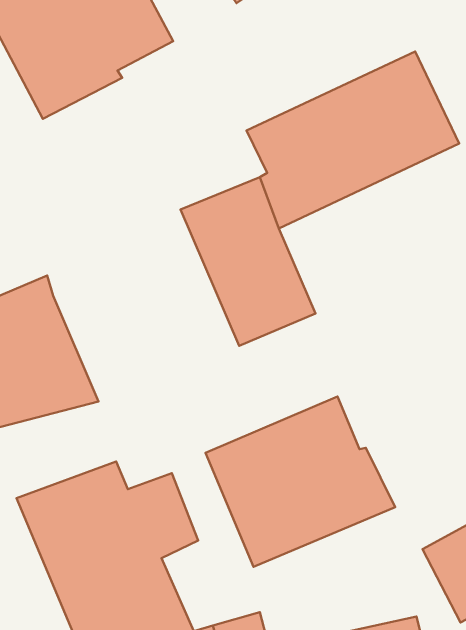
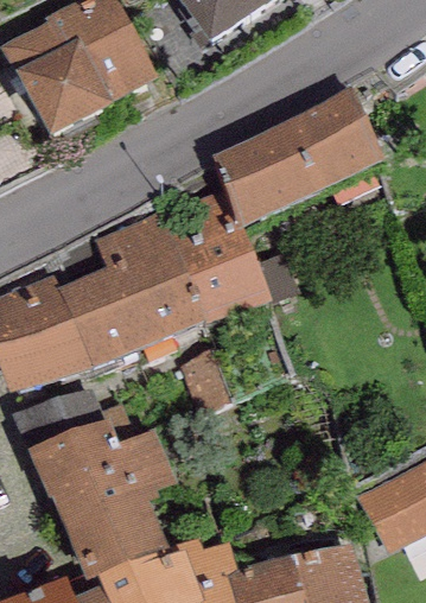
building: none -> [58,211,209,372]
building: [206,396,395,567] -> none

